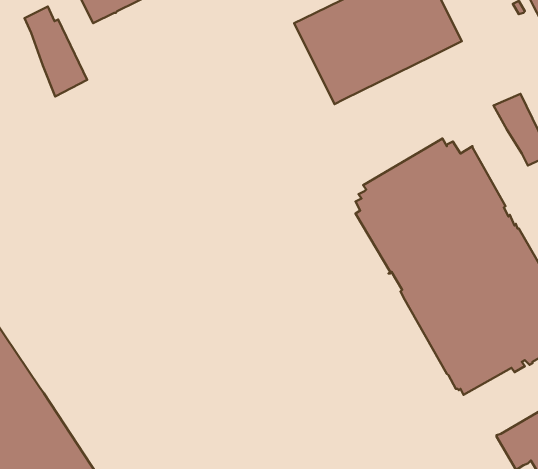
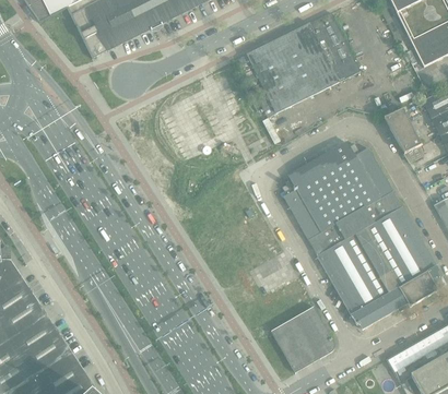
building: [24,6,87,96] -> none
building: none -> [272,306,335,372]

